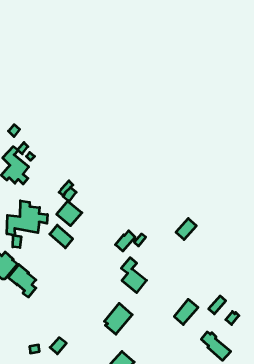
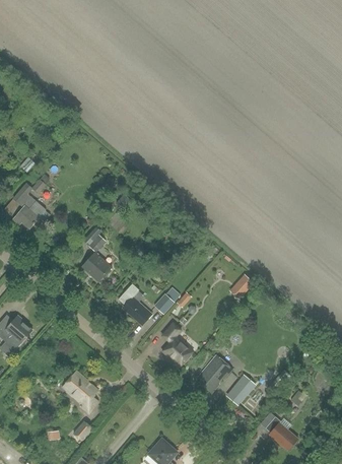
building: [7,201,47,248] -> none
building: [50,225,73,248] -> [122,295,150,324]
building: [8,264,36,297] -> [62,371,96,411]
building: [104,303,132,334] -> [197,353,231,392]

